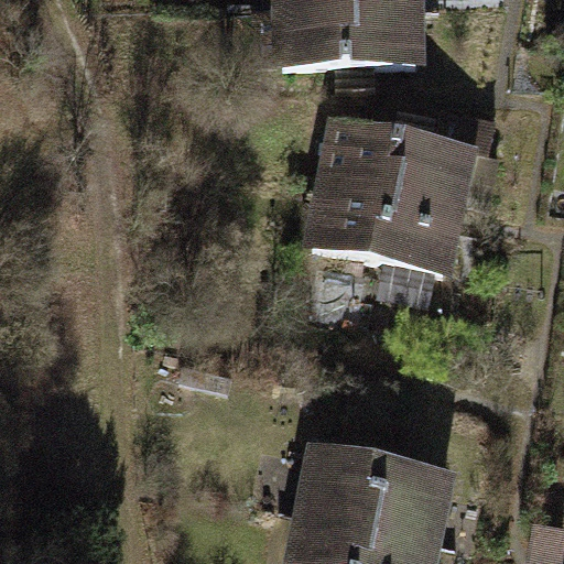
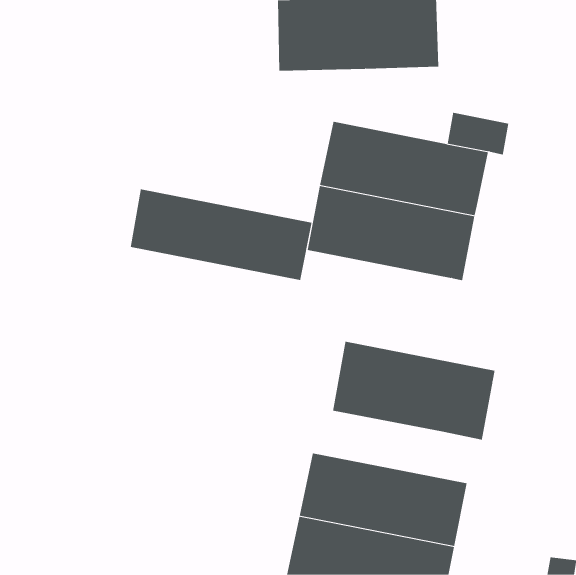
building: none -> [130,189,312,281]
building: none -> [332,341,495,440]

